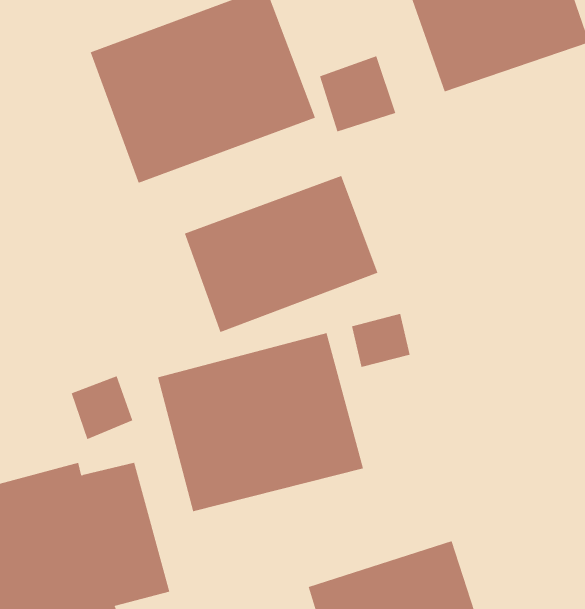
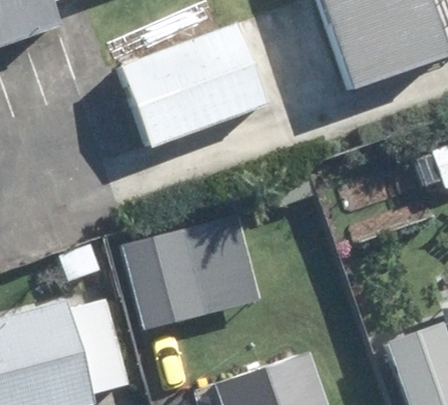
building: [184,175,378,333] -> none

